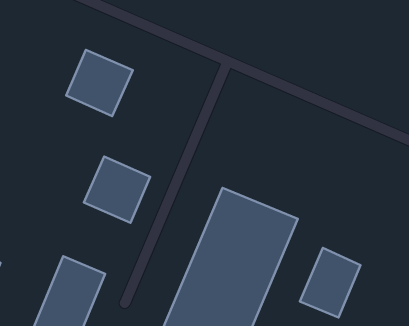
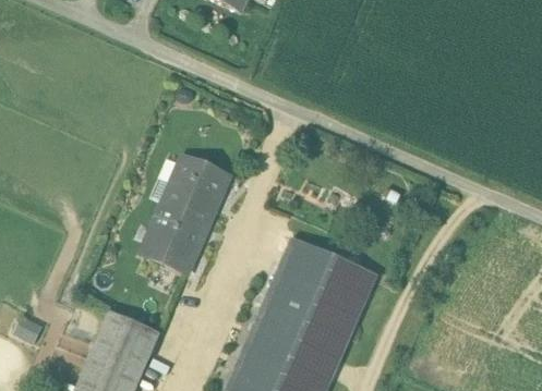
building: [66,50,133,116] -> [158,150,232,224]
building: [300,248,361,318] -> none

